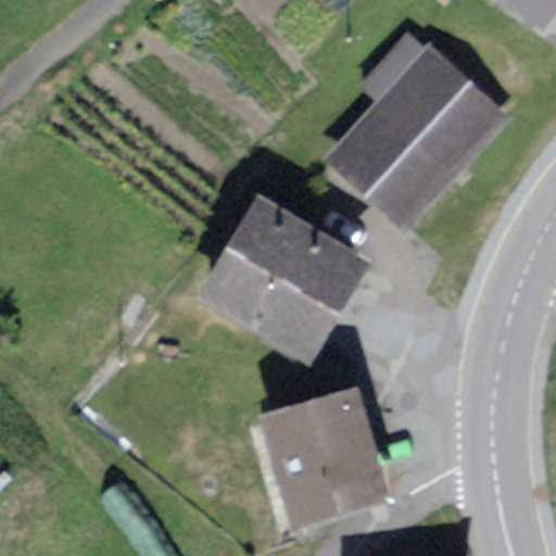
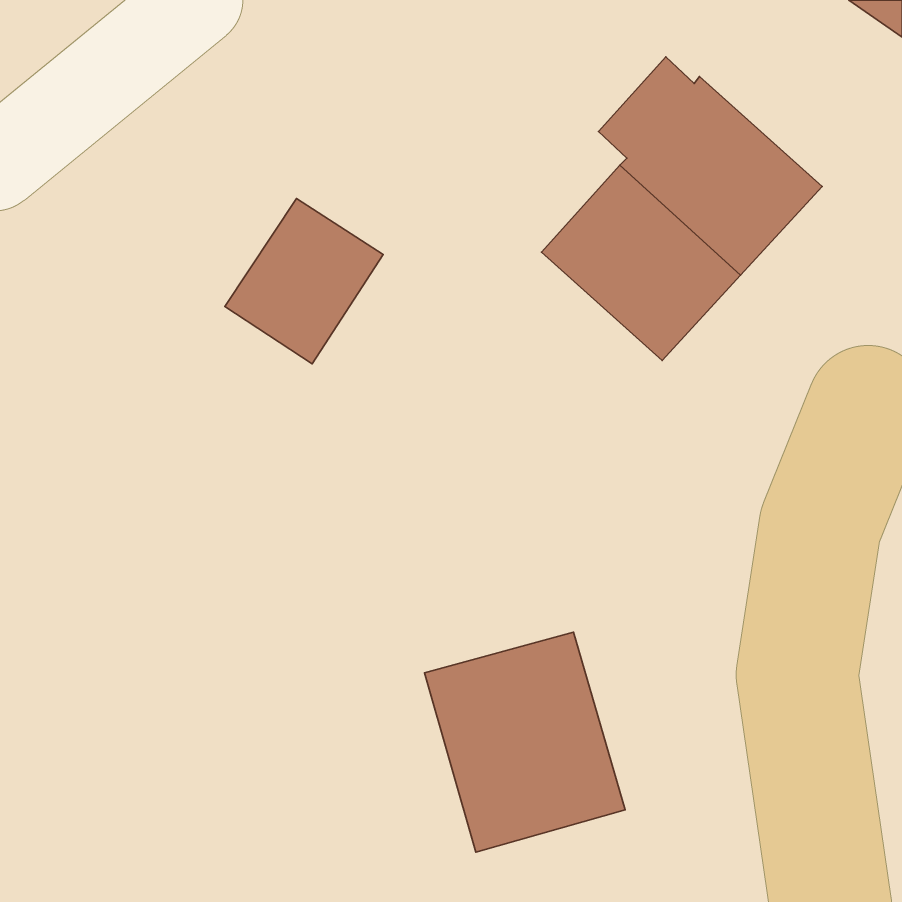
building: none -> [225,198,383,364]
building: [200,198,369,358] -> none

